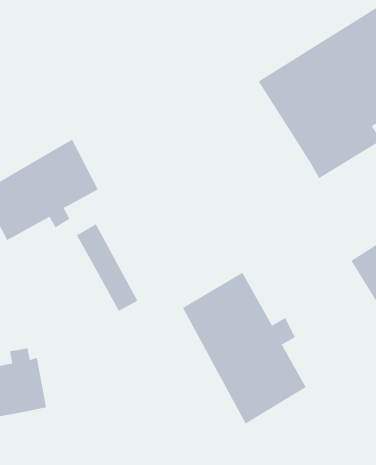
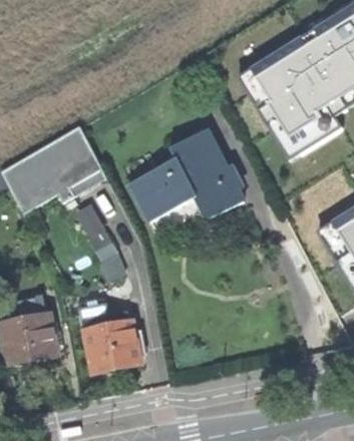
building: none -> [127,122,241,216]
building: [182,272,307,425] -> none
building: none -> [82,308,140,373]

